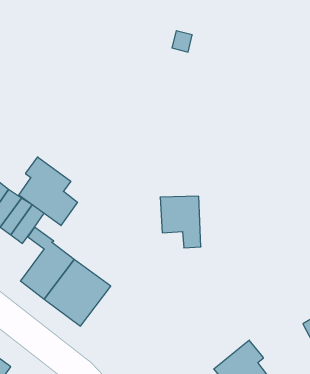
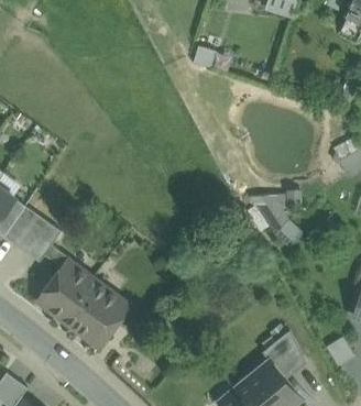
building: [19,157,77,226] -> none
building: [160,196,201,248] -> [251,191,293,244]
building: none -> [263,331,305,378]

